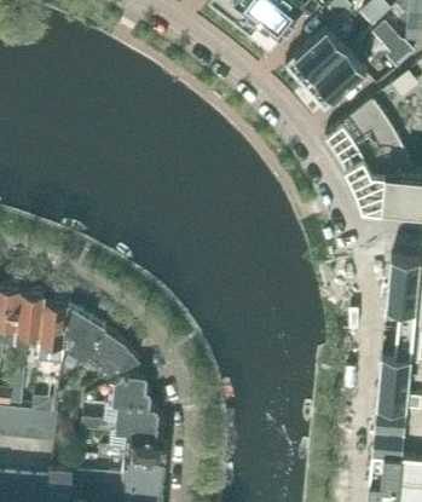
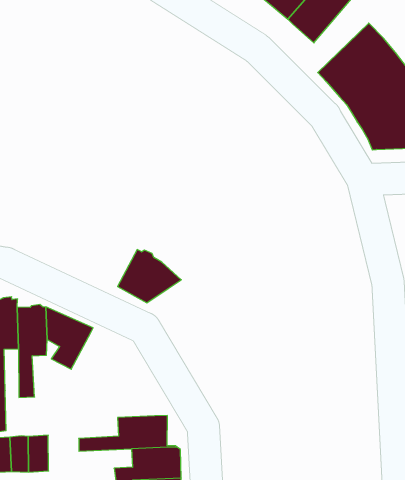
building: [83,335,138,381] -> [118,250,181,303]
building: [109,380,150,412] -> none

